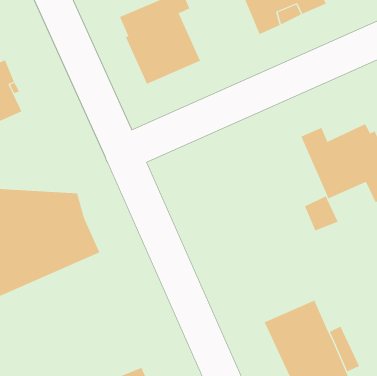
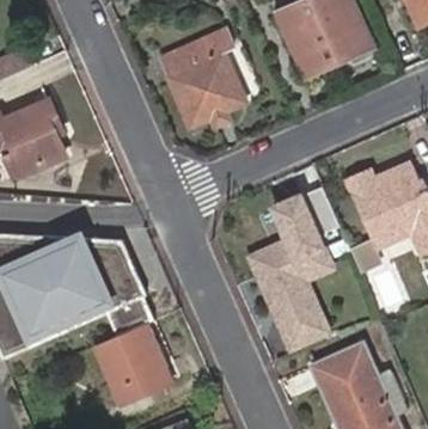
building: none -> [245,189,337,348]
building: none -> [94,321,171,402]

